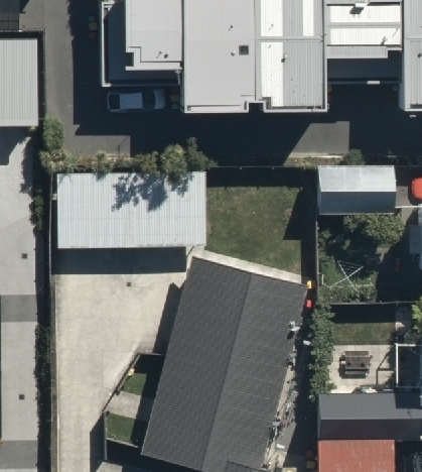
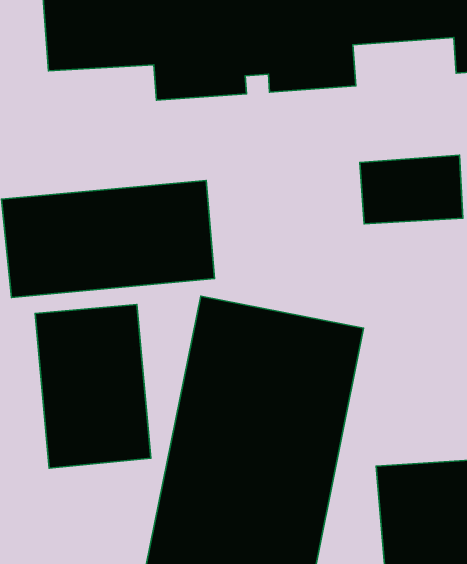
building: none -> [35,305,151,468]

